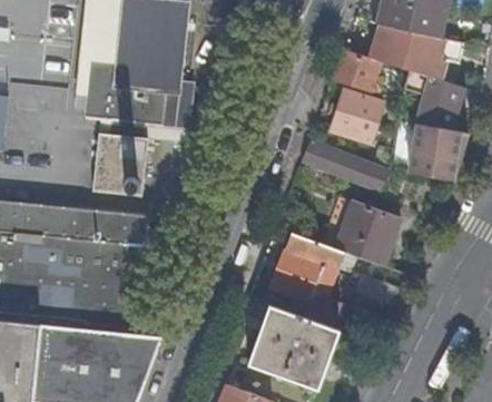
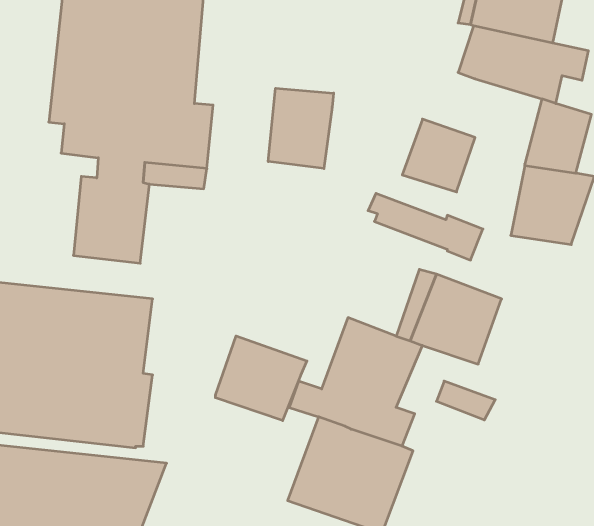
building: [332,49,384,94] -> none
building: none -> [268,88,334,169]
building: none -> [215,336,307,421]

